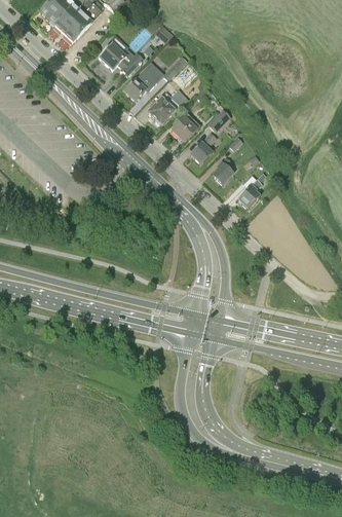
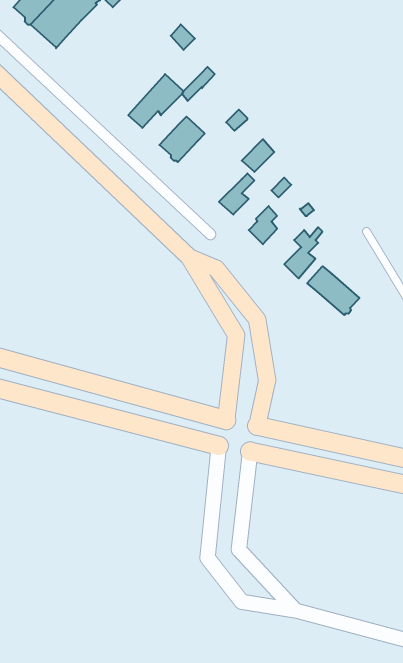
building: [98,35,144,77] -> none
building: [172,113,199,142] -> none
building: none -> [307,266,359,315]

